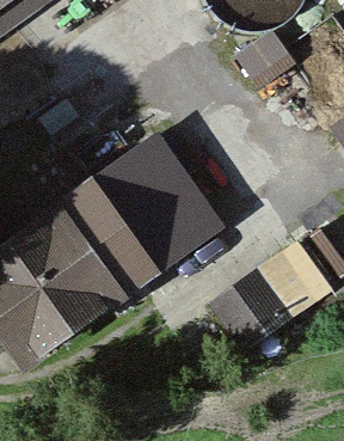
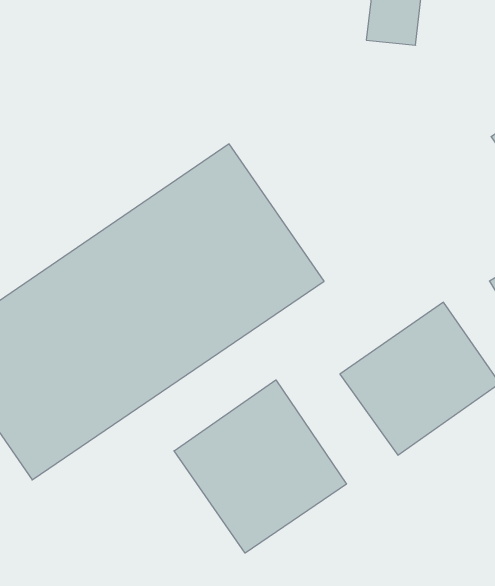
building: none -> [174,380,346,553]

